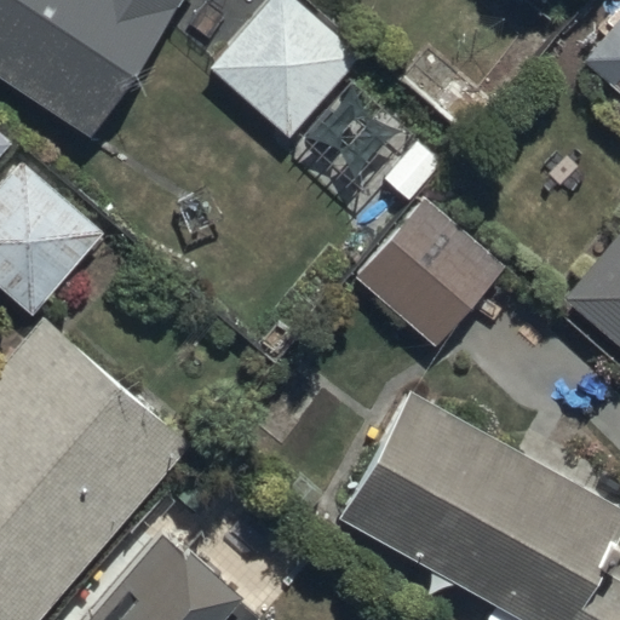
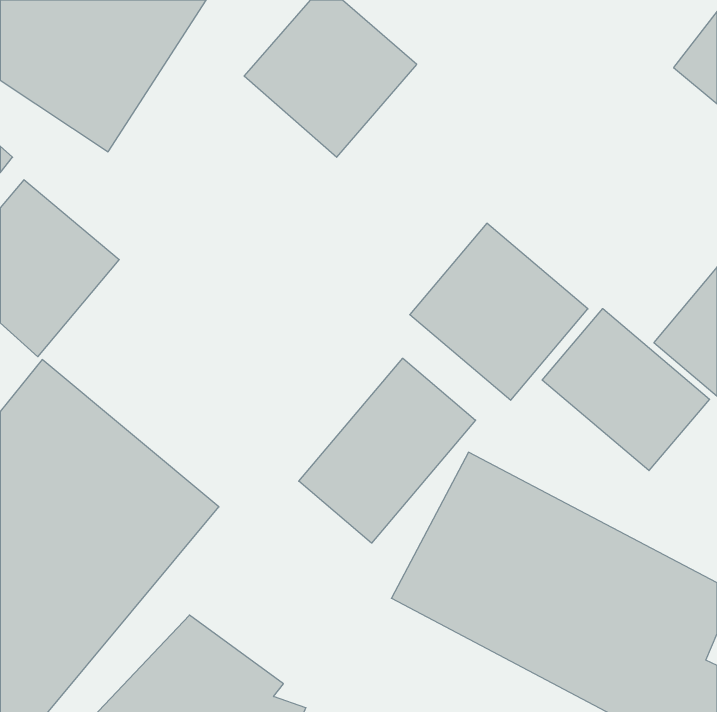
building: none -> [542,309,710,471]
building: none -> [299,358,476,543]

